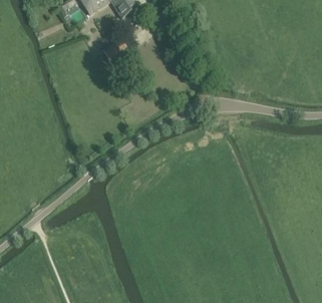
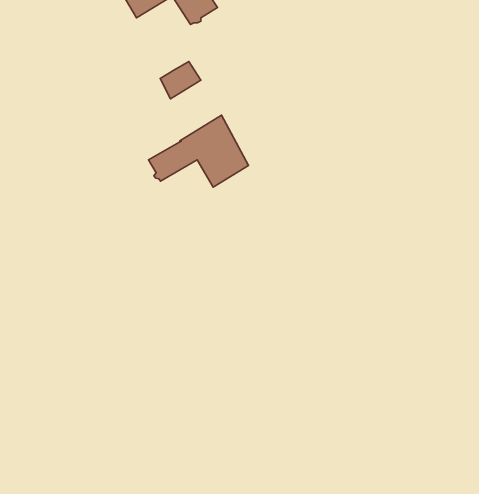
building: none -> [148,115,248,187]

